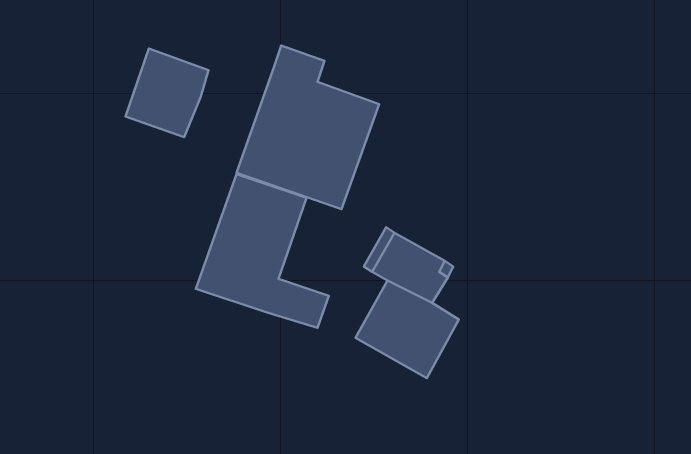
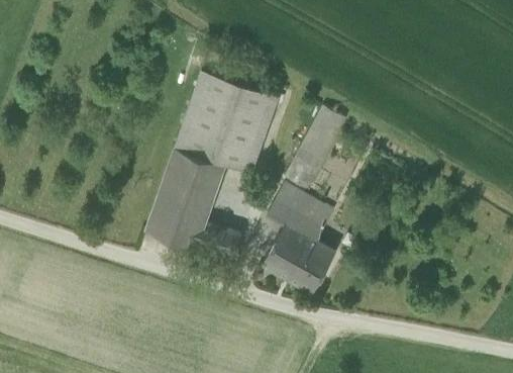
building: [125,49,208,137] -> none
building: none -> [283,107,345,192]

